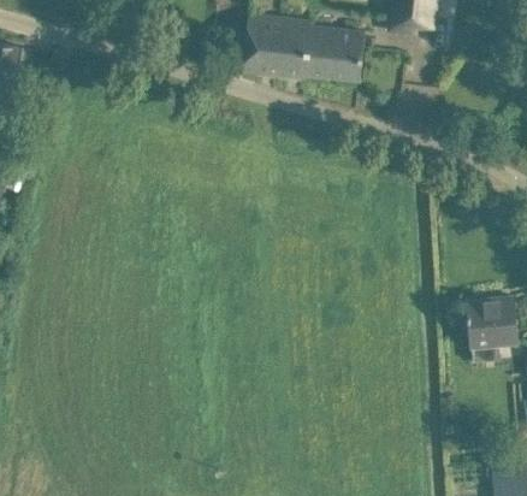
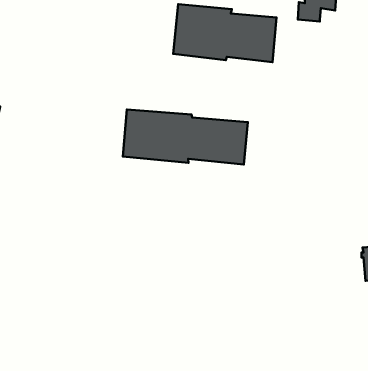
building: none -> [123,109,248,164]

